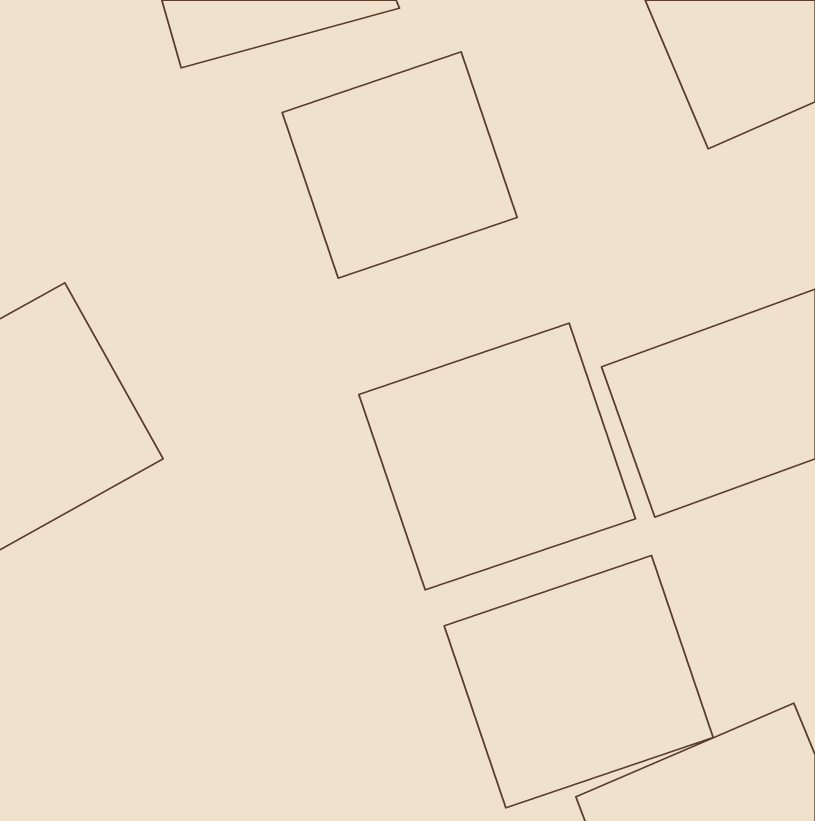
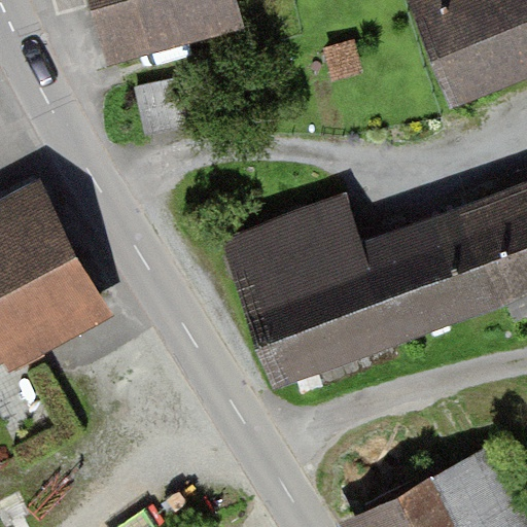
building: [282,52,517,278] -> none
building: [444,556,713,808] -> none

